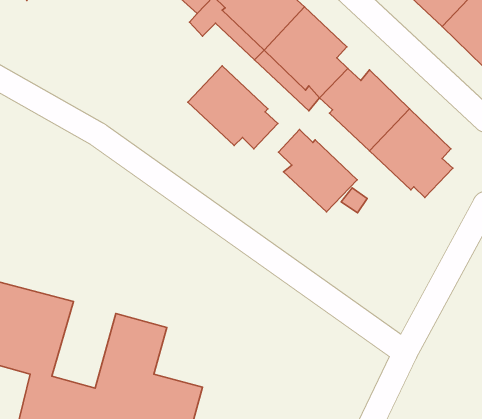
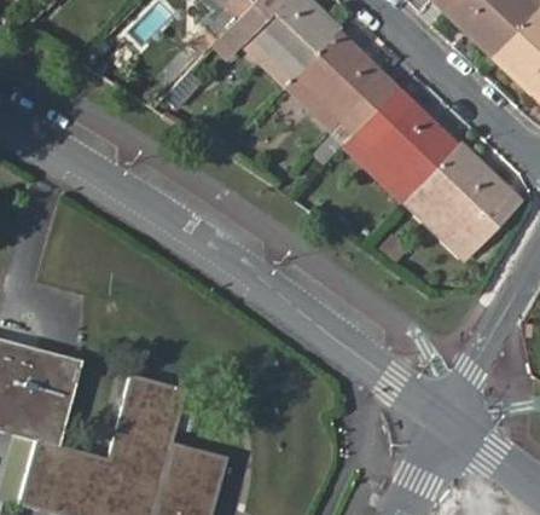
building: [188,66,278,149] -> none
building: [278,130,357,212] -> none

